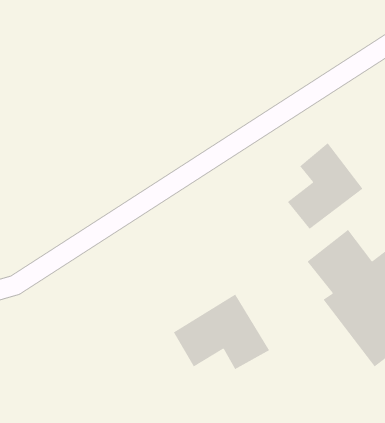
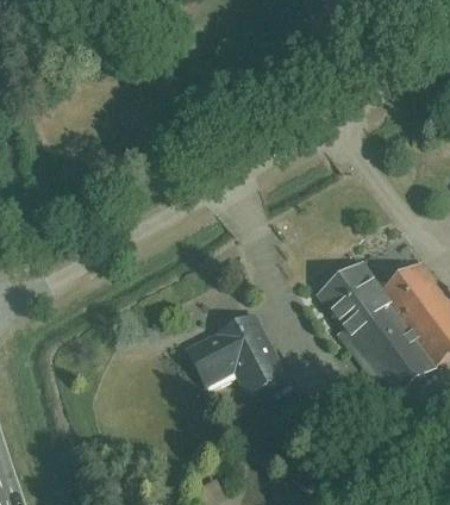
building: [287,142,363,230] -> none

